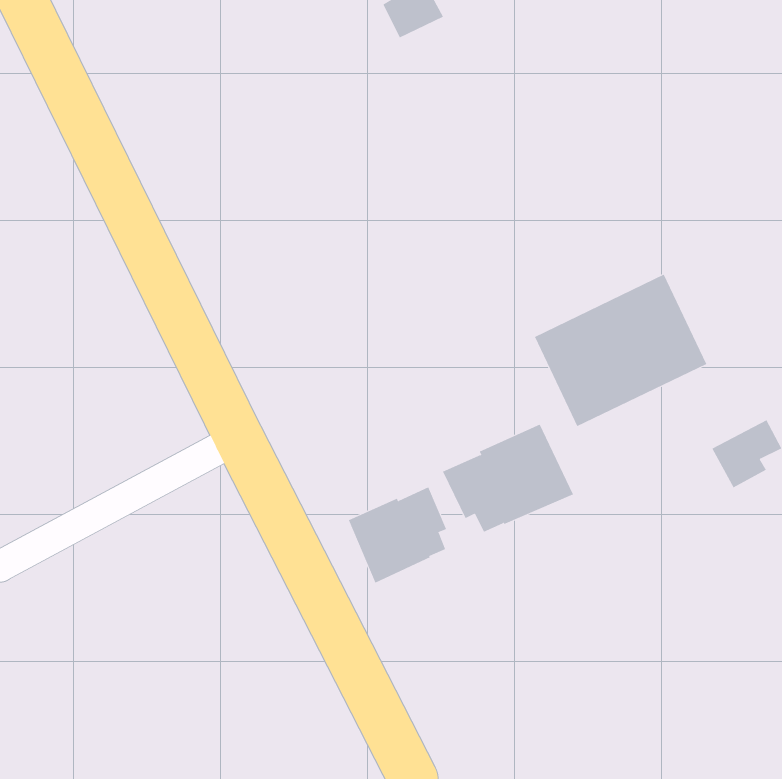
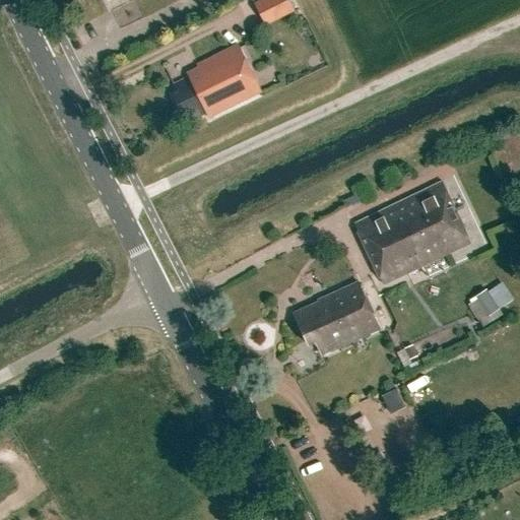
building: none -> [173,45,260,120]
building: [348,487,447,583] -> none

